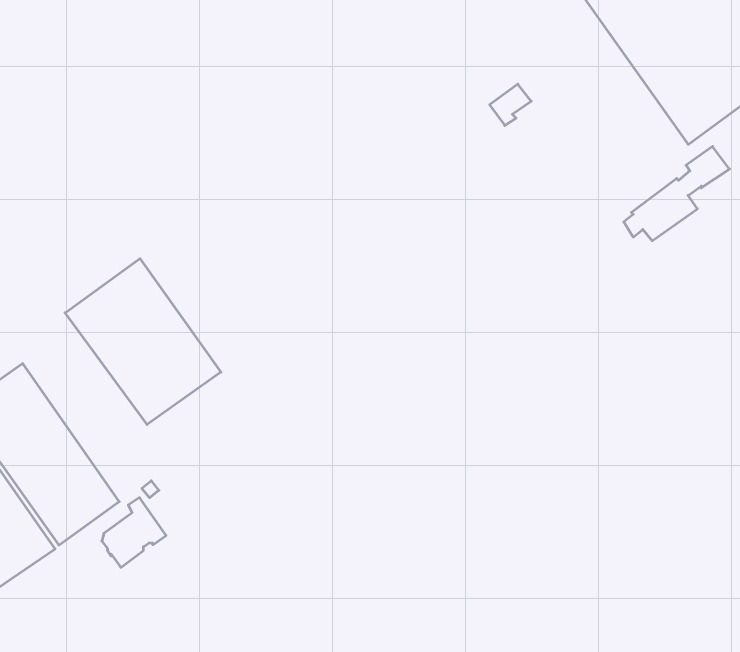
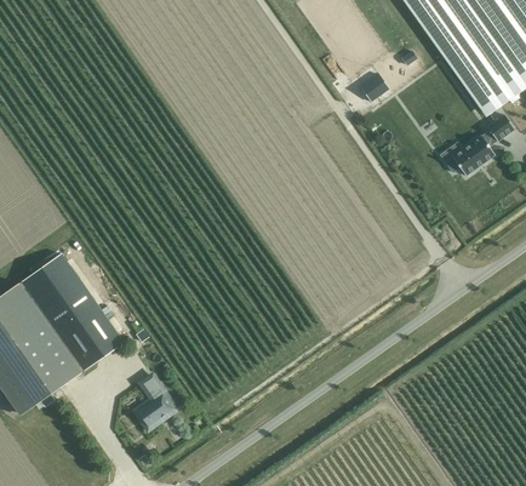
building: [65,259,221,425] -> none
building: [102,498,166,567] -> [133,384,175,429]

